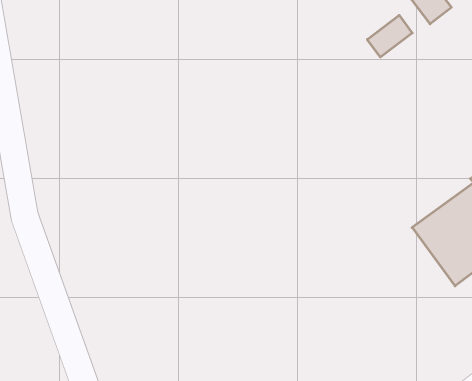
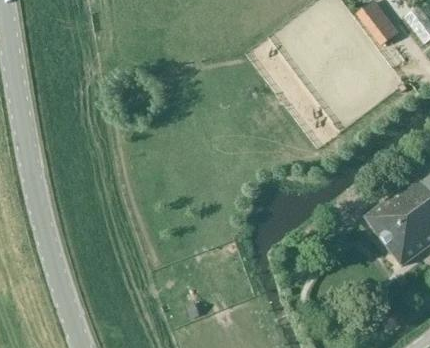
building: [367,15,412,57] -> none

